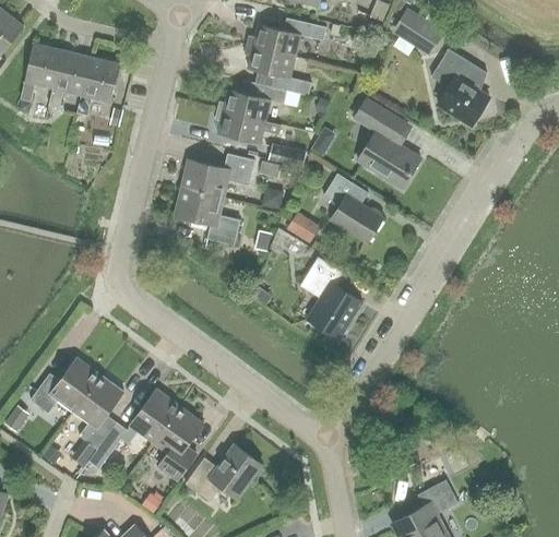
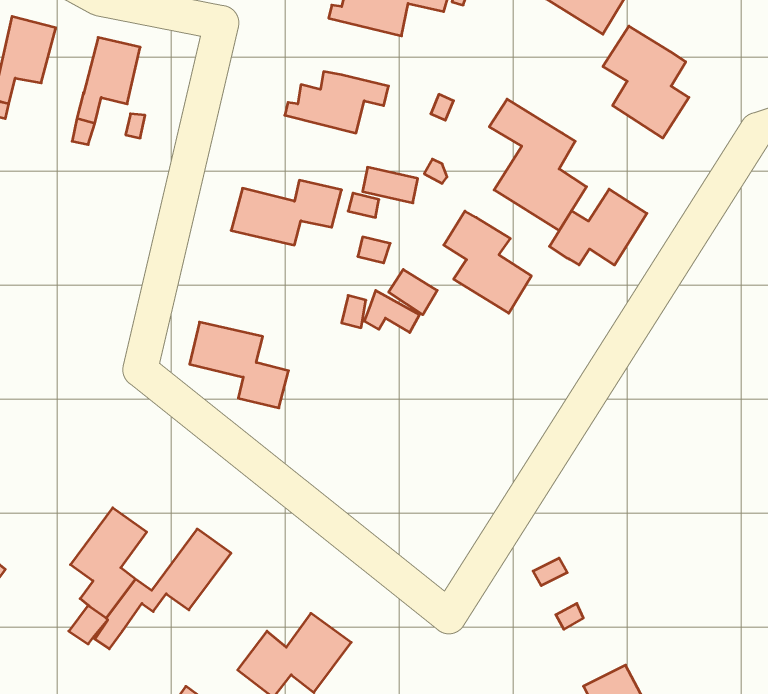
building: [243,45,310,96] -> none
building: [48,51,91,109] -> none
building: [214,110,280,144] -> none
building: none -> [549,189,647,265]
building: [174,188,240,246] -> [190,322,289,408]
building: [299,256,361,339] -> none
building: [29,357,100,414] -> none
building: [152,405,203,480] -> none

